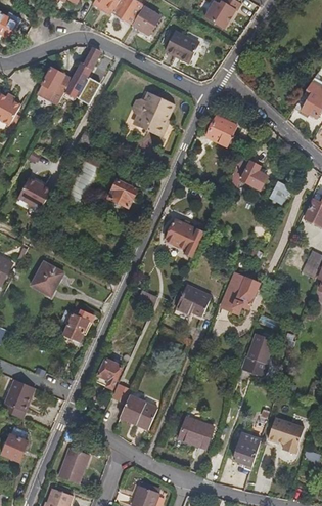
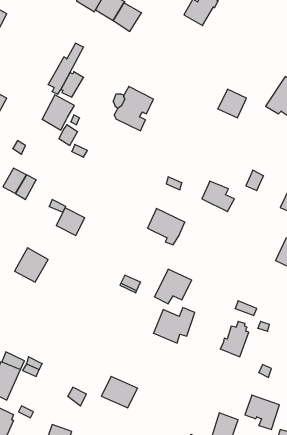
building: [166,31,199,64] -> none
building: [37,67,71,103] -> [42,95,74,130]
building: [208,116,237,145] -> [218,89,246,118]
building: [233,157,267,188] -> [202,181,234,212]
building: [108,179,138,208] -> [56,208,85,235]
building: [216,278,259,314] -> [153,308,195,343]
building: [63,312,95,340] -> none
building: [95,356,122,387] -> none
building: [178,416,214,447] -> none

